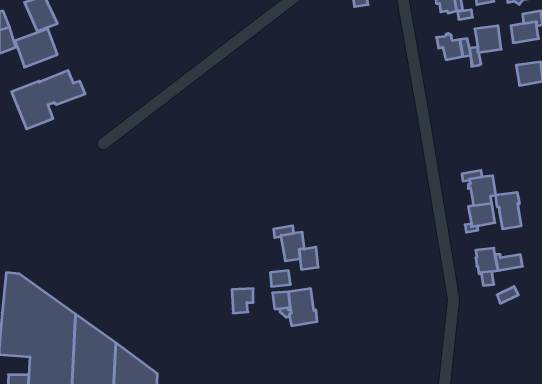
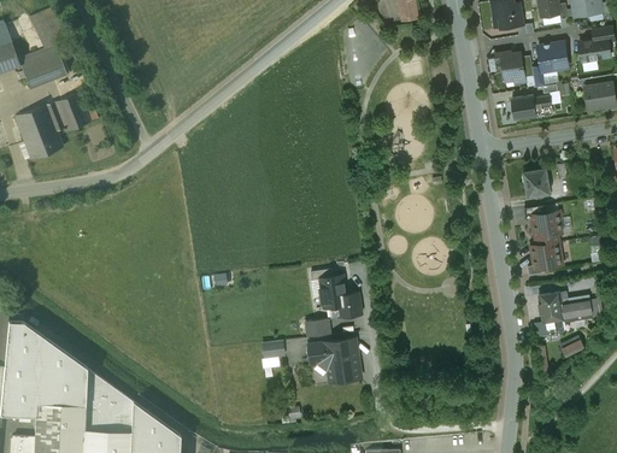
building: none -> [512,95,552,118]
building: none -> [522,169,550,196]
building: [496,192,521,229] -> none

